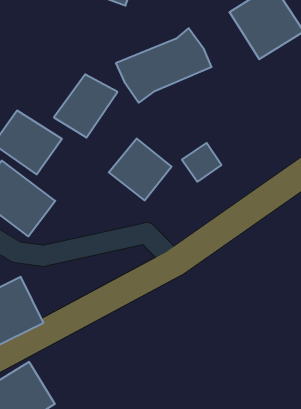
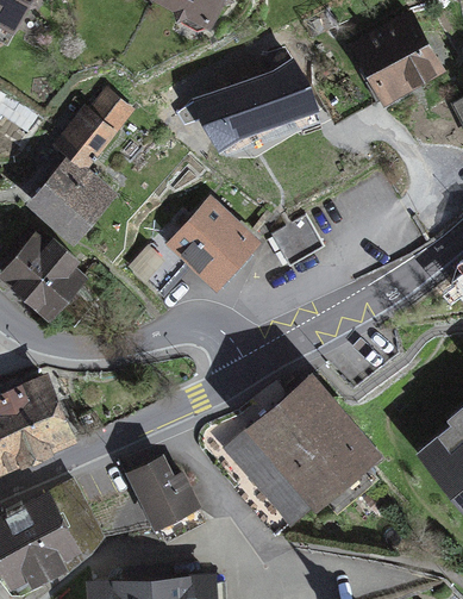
building: [54,74,117,138] -> [51,85,138,169]
building: none -> [218,370,380,529]
building: none -> [113,444,188,525]

